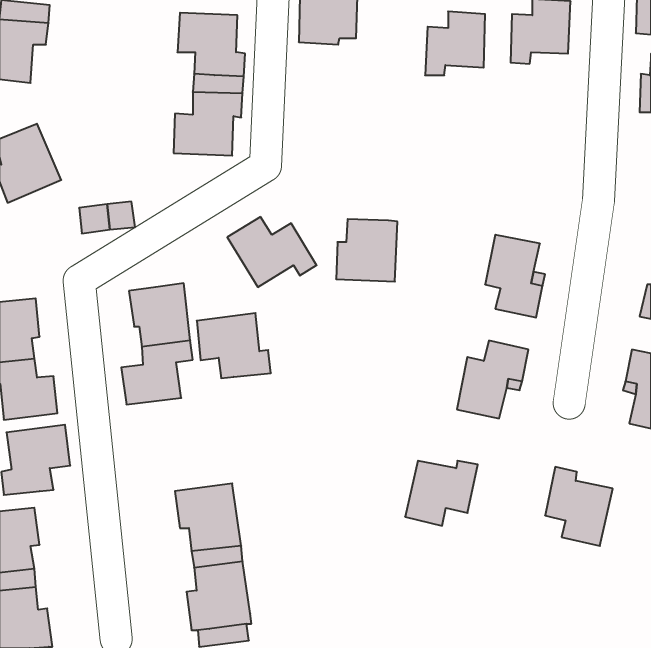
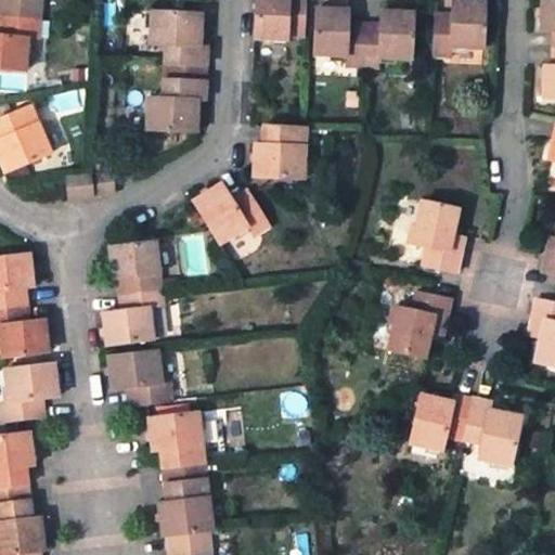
building: none -> [313,8,363,64]
building: [336,219,397,282] -> [254,126,306,179]
building: [197,313,271,378] -> [109,349,172,404]
building: [405,461,478,526] -> [410,393,472,449]

